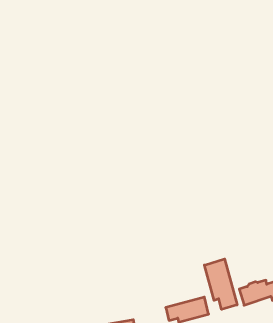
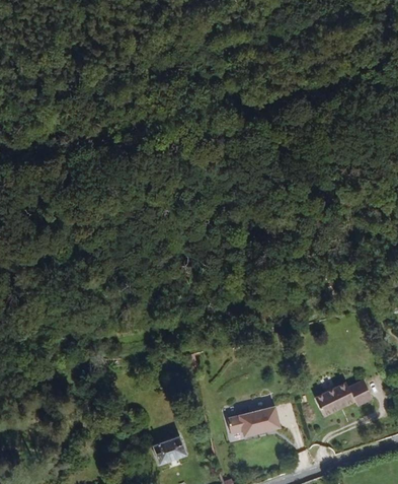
building: [204,259,237,309] -> none

